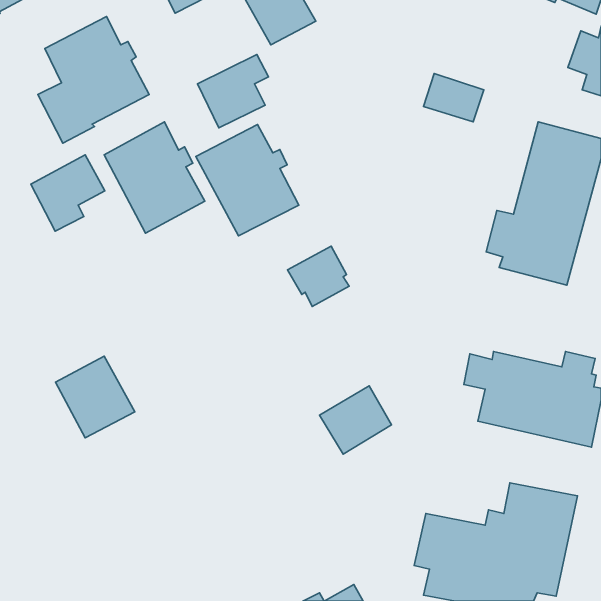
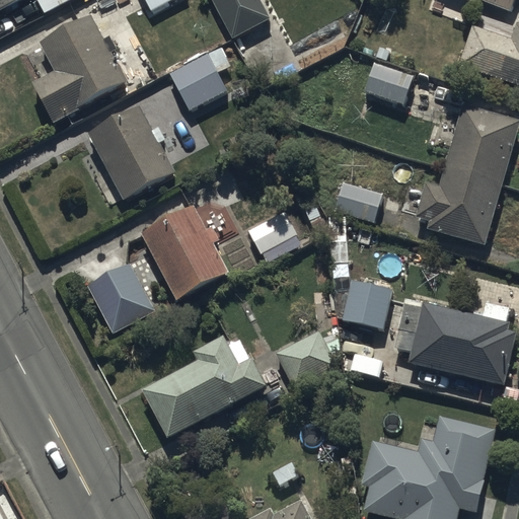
building: [196,125,299,236] -> [141,205,229,300]
building: [31,155,105,231] -> none
building: none -> [332,179,382,225]
building: none -> [341,279,393,330]
building: [56,356,135,438] -> [87,263,155,332]
building: none -> [142,335,266,438]

